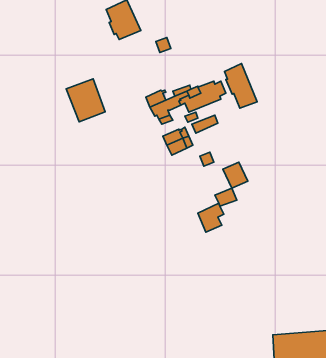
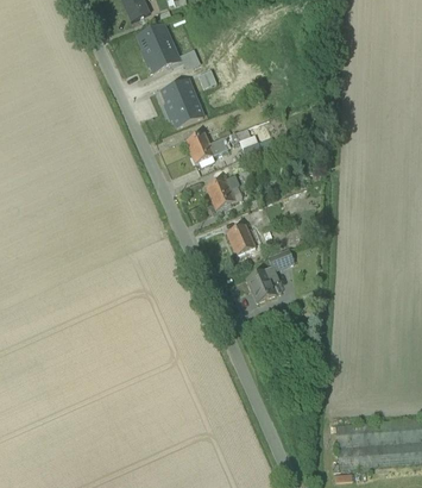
building: [225,63,257,108] -> none
building: [66,79,105,122] -> [157,76,203,127]
building: [223,162,248,188] -> [226,224,256,255]

